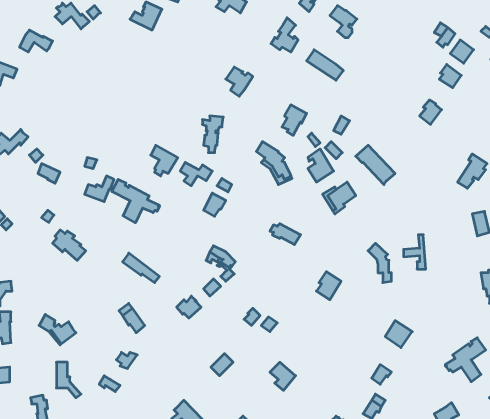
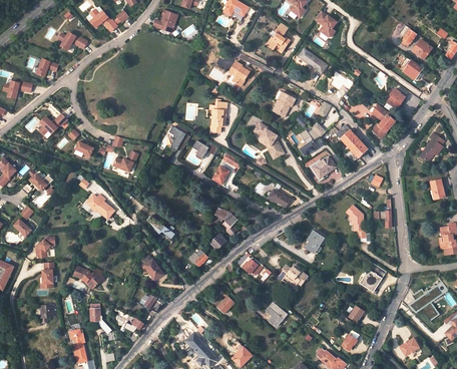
building: none -> [370,103,395,137]
building: [112,179,160,223] -> none
building: none -> [279,264,309,290]

